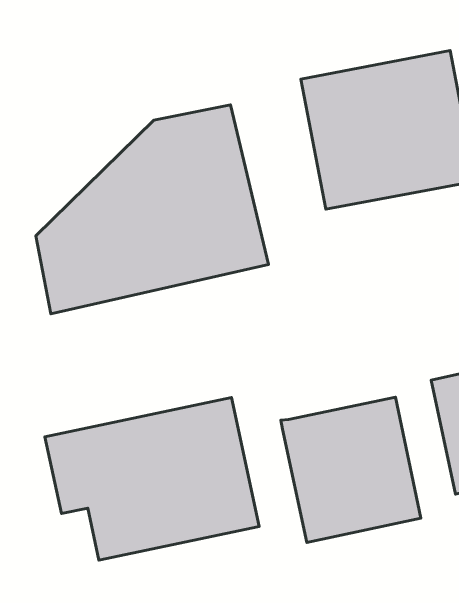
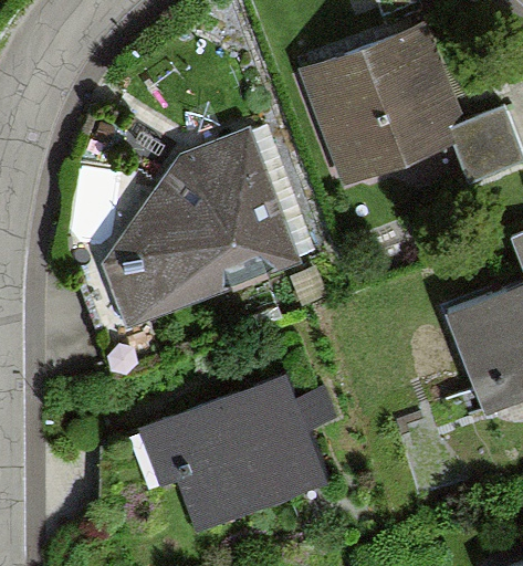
building: [281,397,421,542] -> none

